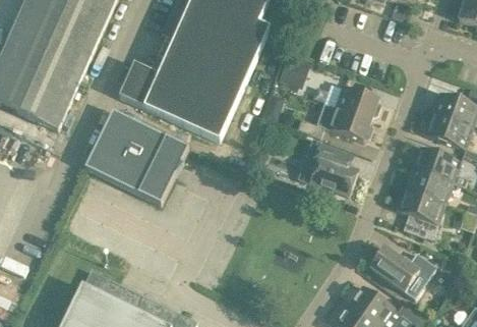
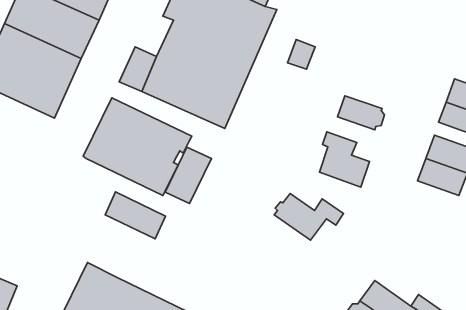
building: [335,86,380,121] -> none
building: none -> [165,147,211,204]
building: [397,190,443,236] -> none
building: none -> [105,192,166,239]
building: [370,247,436,291] -> [274,193,343,240]

